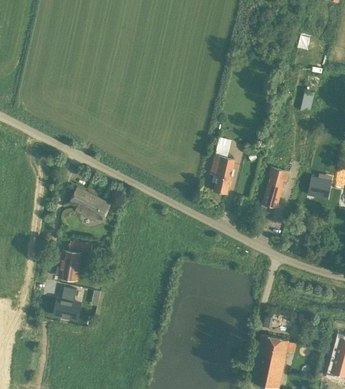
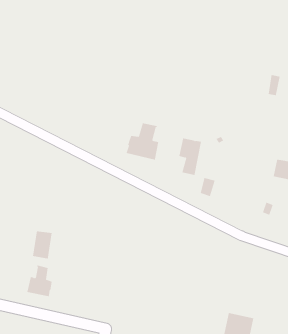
building: none -> [126,123,159,160]
building: [262,167,289,207] -> none
building: [70,188,110,220] -> none

